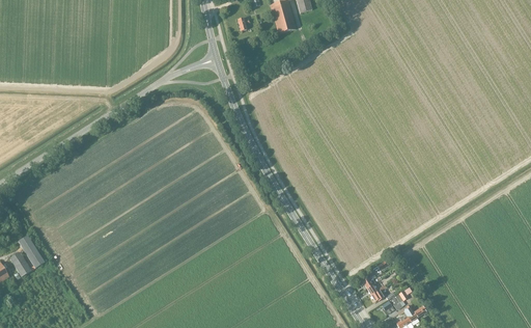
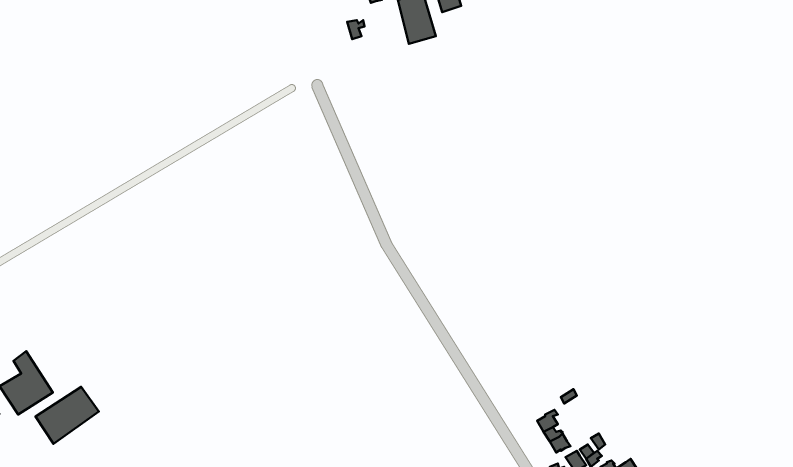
building: none -> [36,387,99,444]

